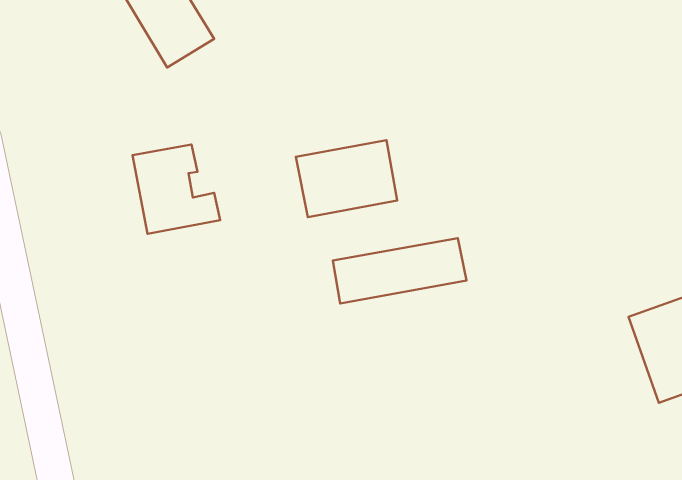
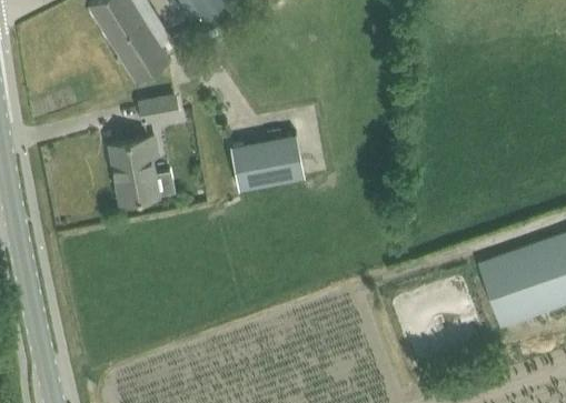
building: none -> [141,98,179,123]
building: [333,238,466,304] -> none

